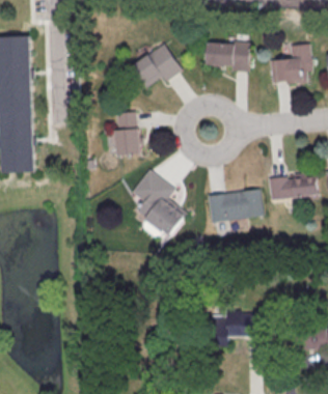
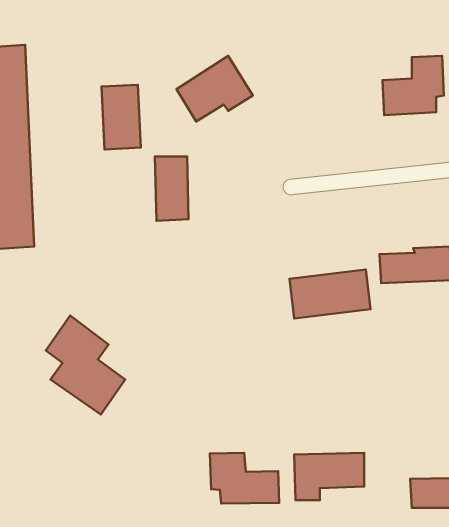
building: [206,41,249,72] -> none
building: none -> [101,85,141,149]
building: [131,169,185,236] -> [46,315,125,415]
building: none -> [210,453,279,504]

